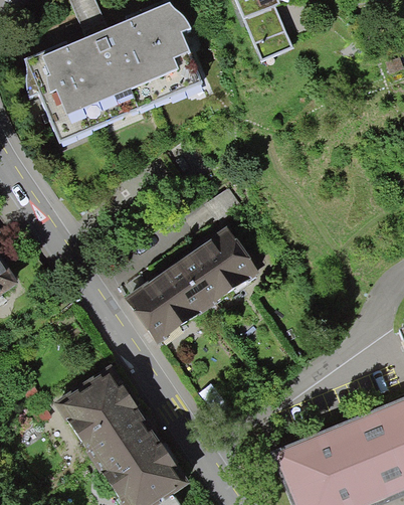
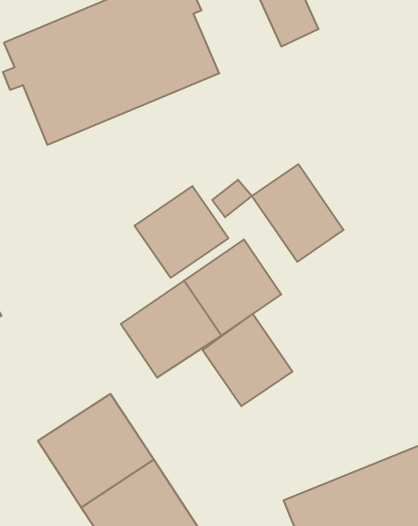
building: none -> [252,164,344,262]
building: none -> [135,186,228,278]
building: none -> [203,314,292,406]

